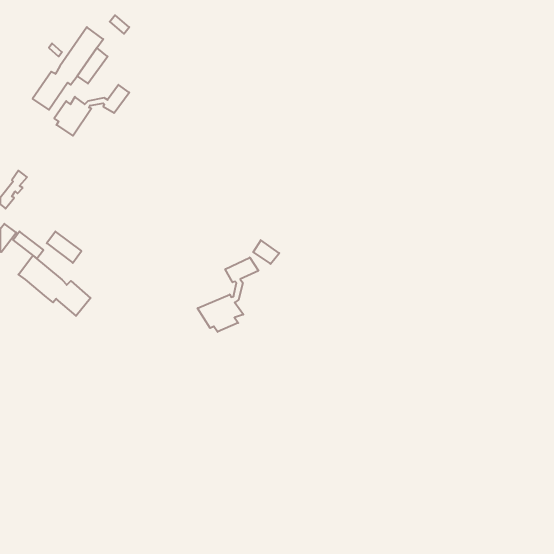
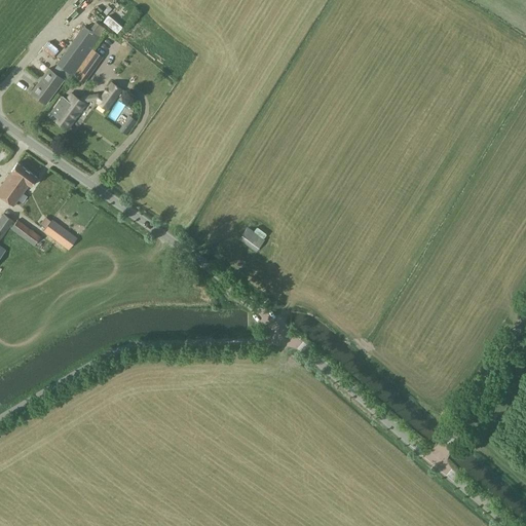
building: none -> [6,167,39,203]
building: [18,255,91,316] -> none
building: [198,257,258,332] -> none

